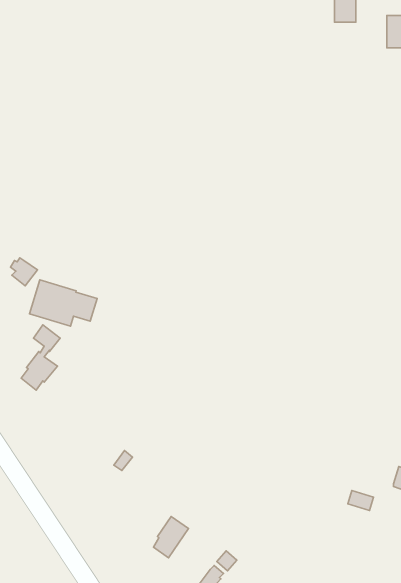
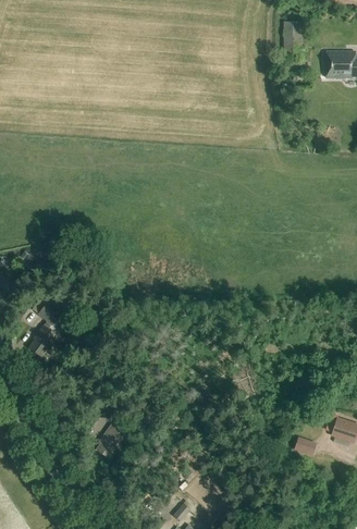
building: [29,280,97,326] -> none
building: [154,516,188,558] -> [97,423,125,457]

